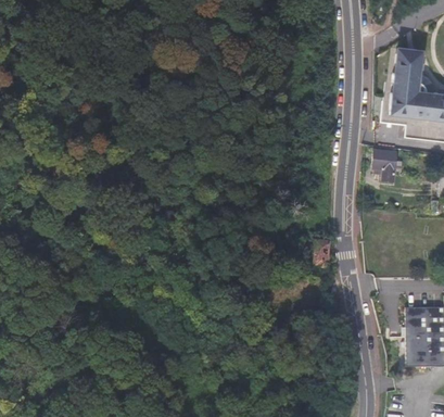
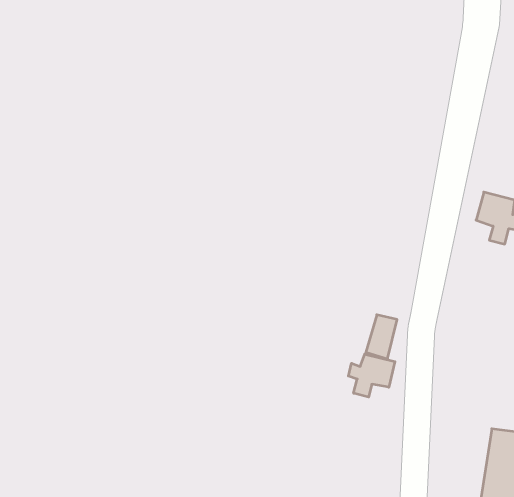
building: none -> [348,354,395,397]

